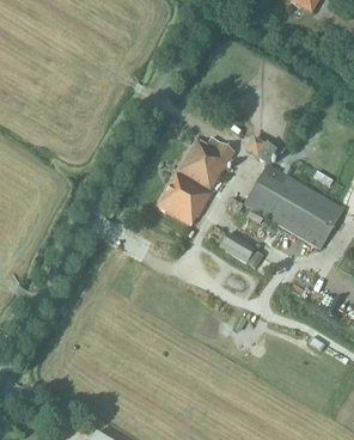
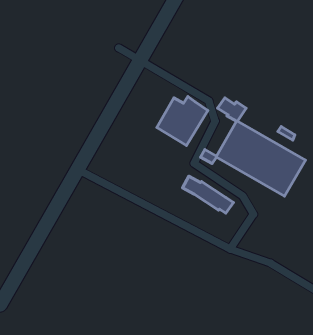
building: [157,171,212,226] -> none

